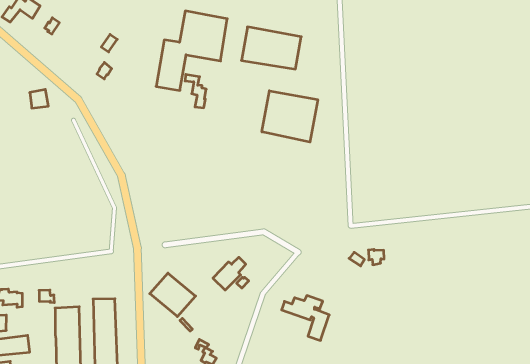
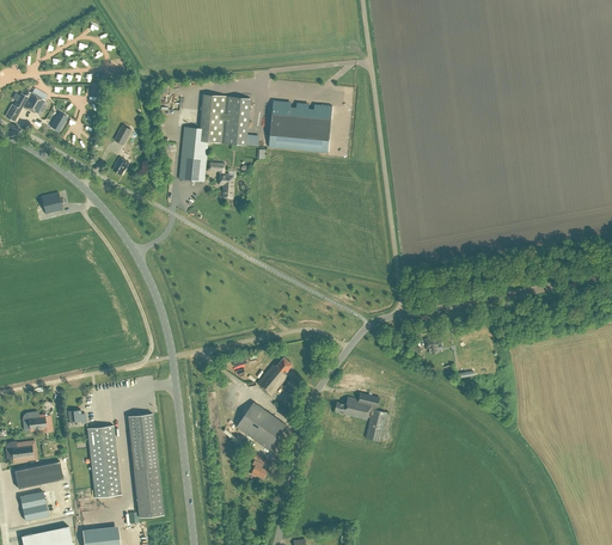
building: [262,91,318,142] -> none
building: [150,273,196,317] -> [237,402,287,448]

